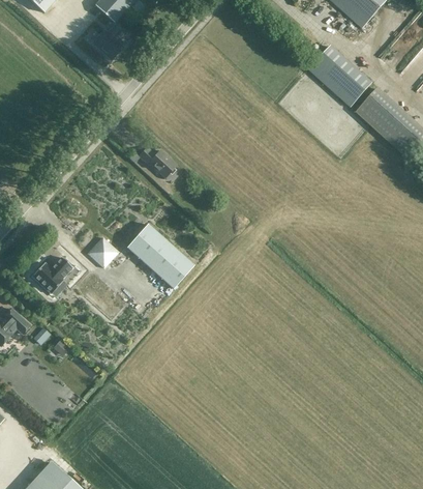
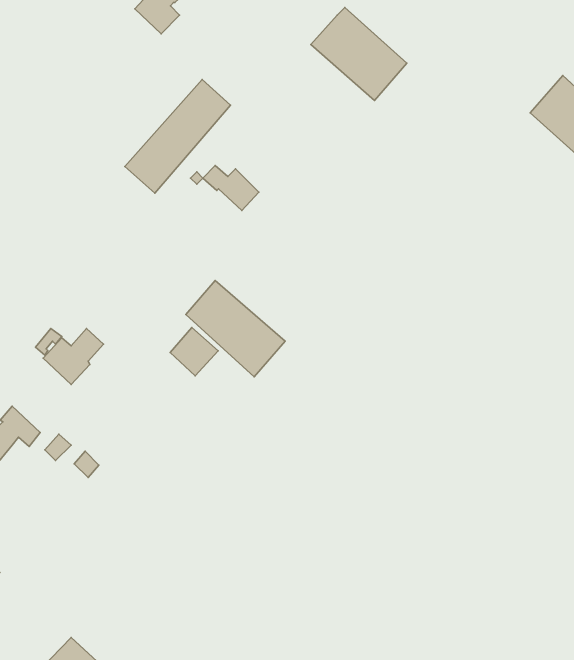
building: [308,45,372,107] -> [311,7,407,100]
building: none -> [125,80,231,193]
building: [87,236,119,268] -> [170,328,218,376]

